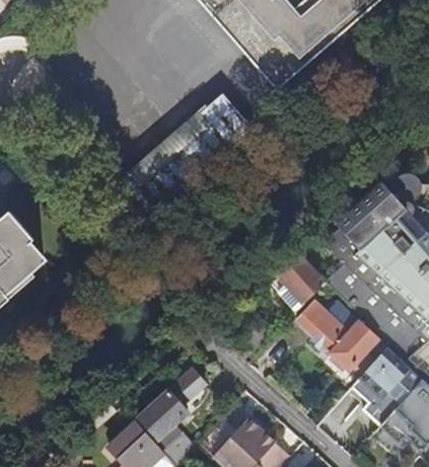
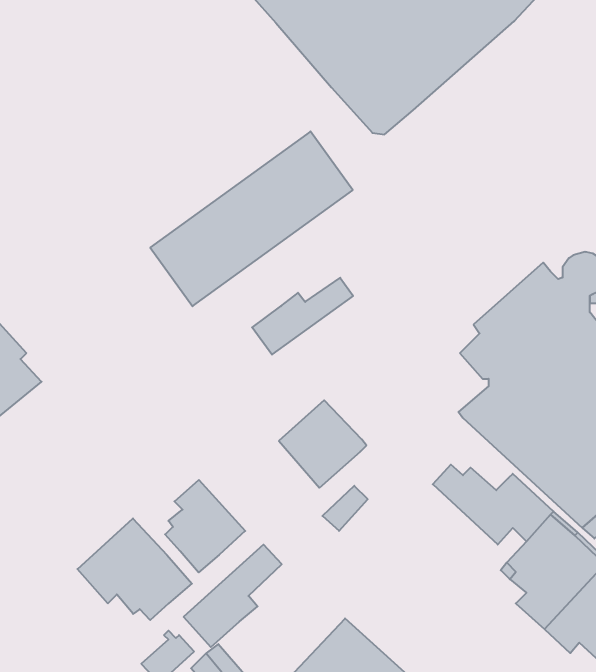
building: none -> [252,278,353,355]
building: [268,252,327,311] -> [279,400,366,488]
building: none -> [165,480,245,572]
building: none -> [77,518,192,620]

